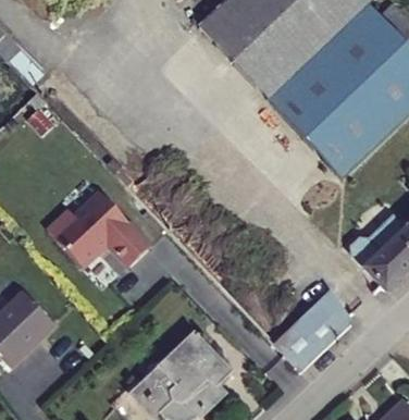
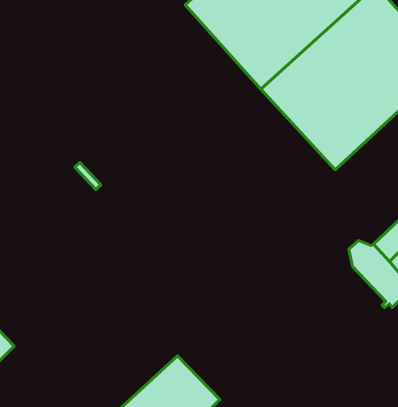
building: [47,190,150,265] -> none
building: [275,291,357,372] -> none

